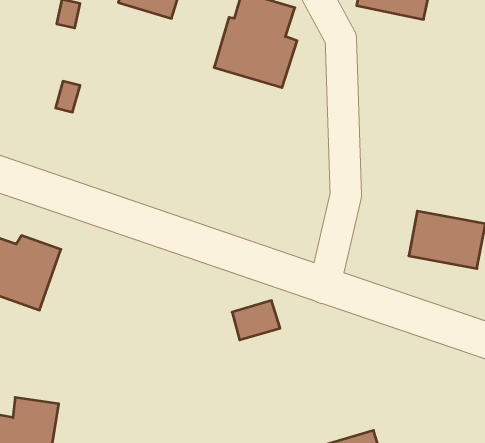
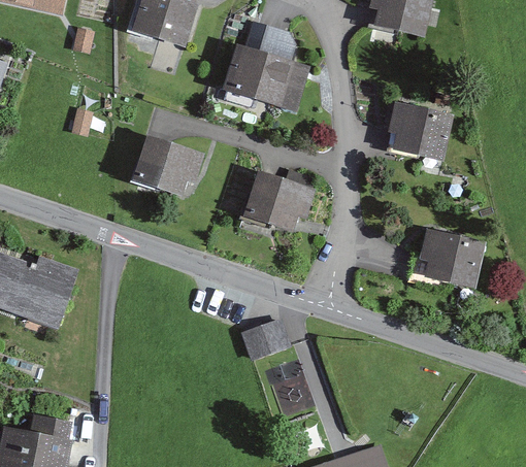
building: none -> [377,104,450,165]
building: none -> [131,133,207,195]
building: none -> [245,172,319,231]

